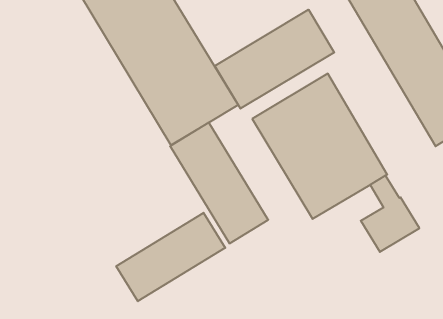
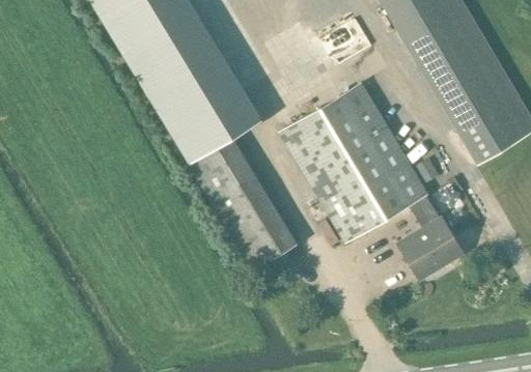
building: [215,10,334,109] -> none
building: [116,213,225,301] -> none

